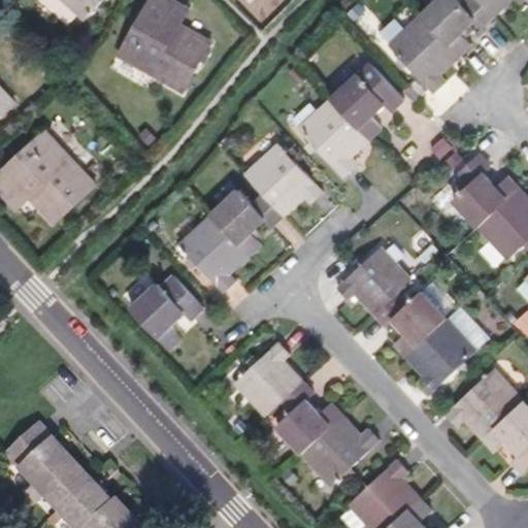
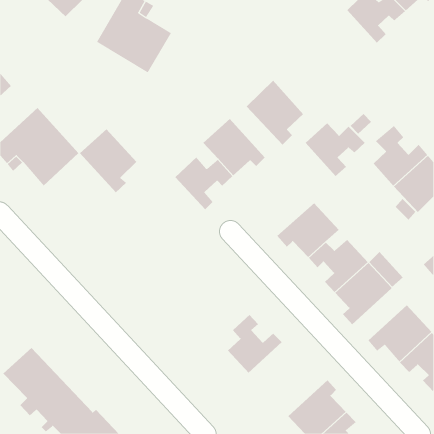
building: [388,12,457,91] -> none
building: [331,72,404,138] -> [305,122,365,177]
building: [178,214,249,293] -> [79,128,137,193]
building: [128,274,199,346] -> none
building: [235,340,302,414] -> none
building: [301,415,378,484] -> none

